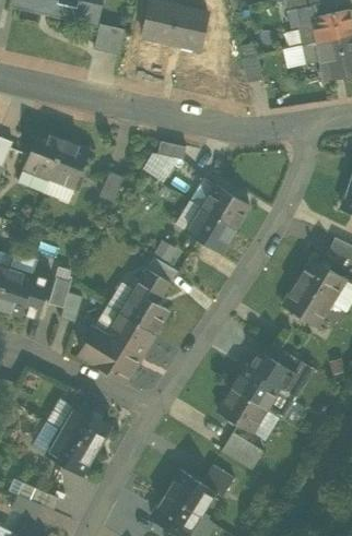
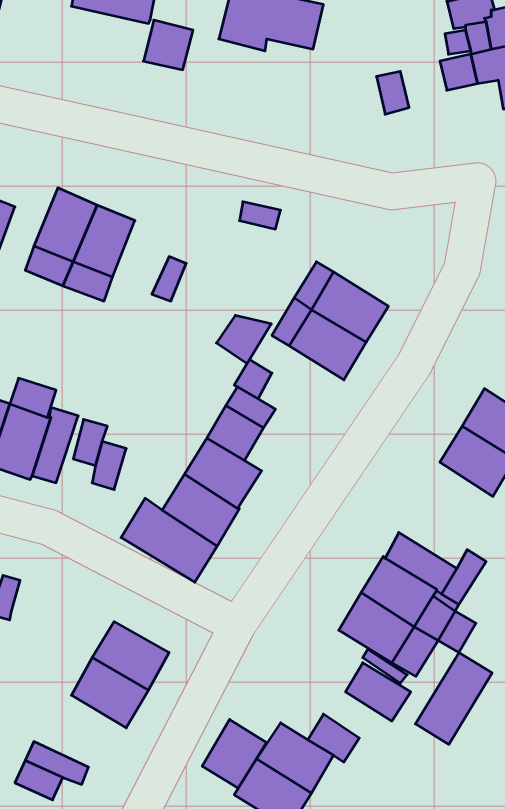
building: [142,151,177,181] -> [216,315,271,363]
building: none -> [415,652,492,744]
building: none -> [202,719,267,788]

